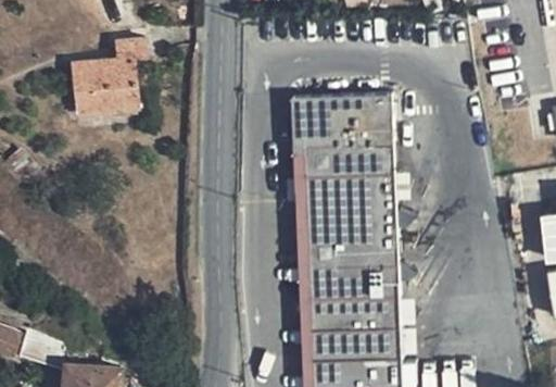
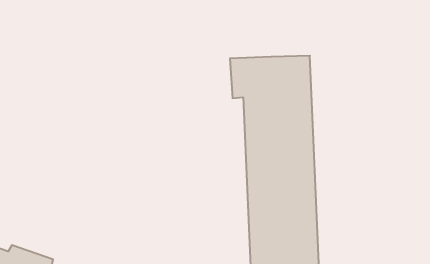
building: [68,38,142,116] -> none

